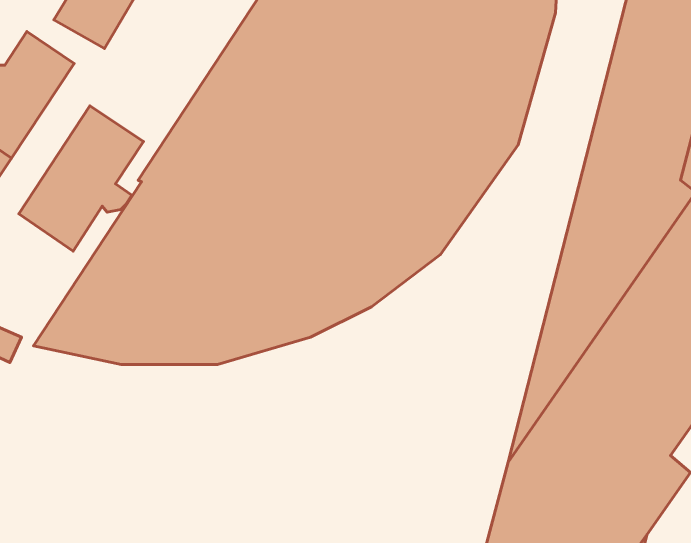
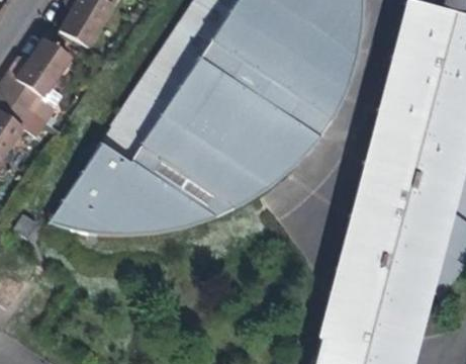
building: [19,106,144,251] -> none

